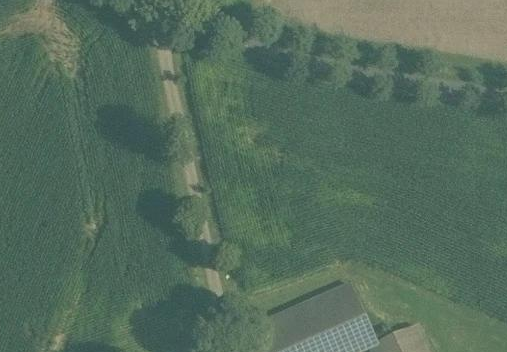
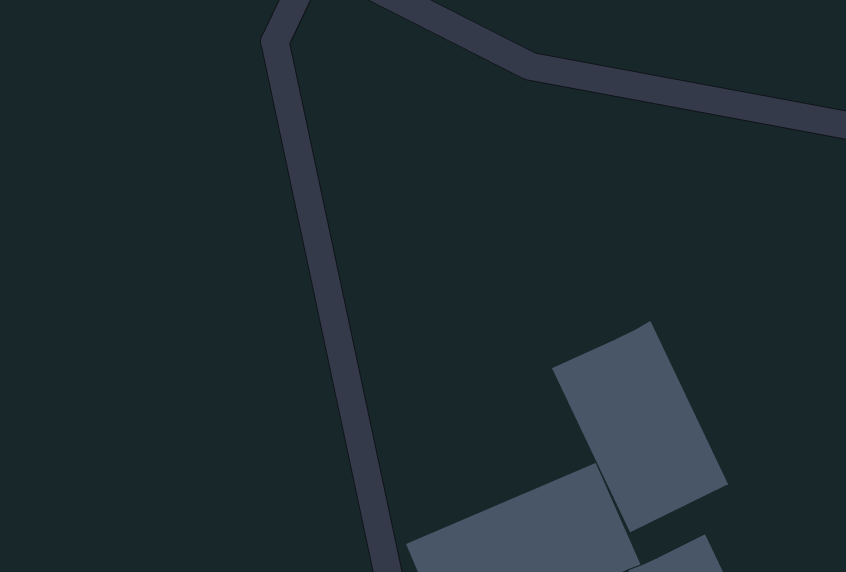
building: none -> [551,320,729,533]

